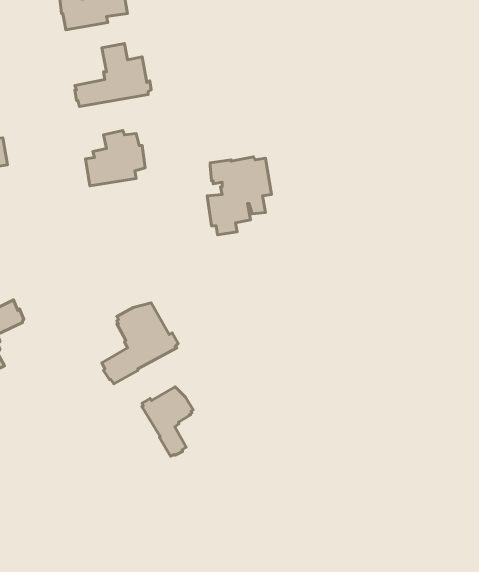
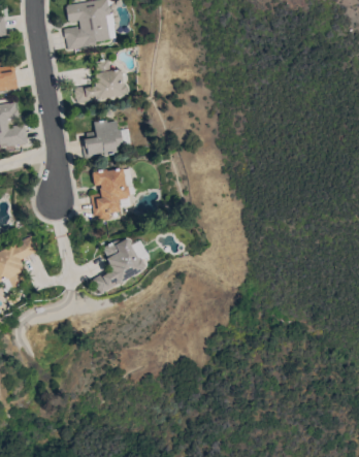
building: [207,157,272,235] -> [91,168,135,222]
building: [142,387,193,456] -> none

